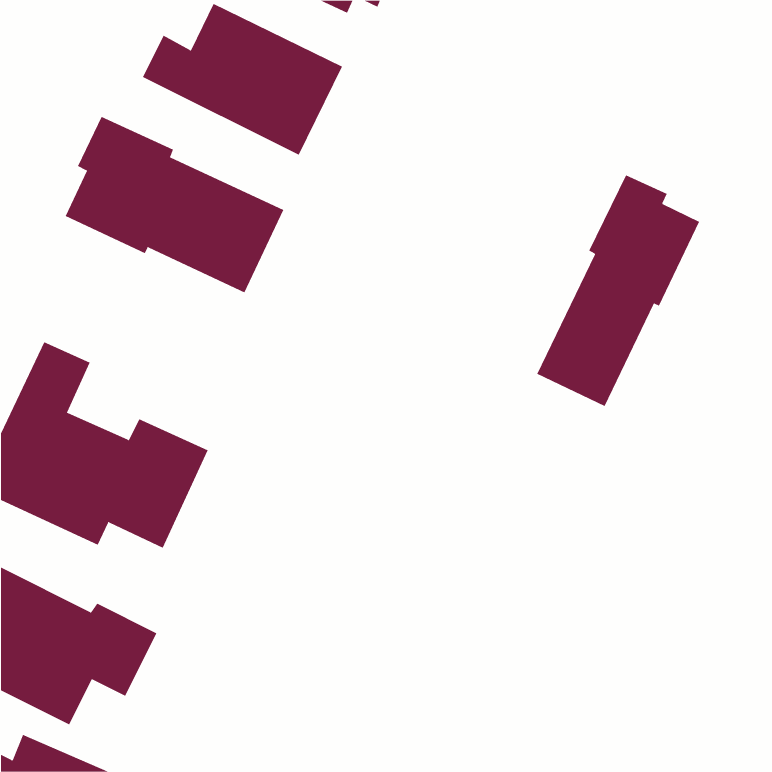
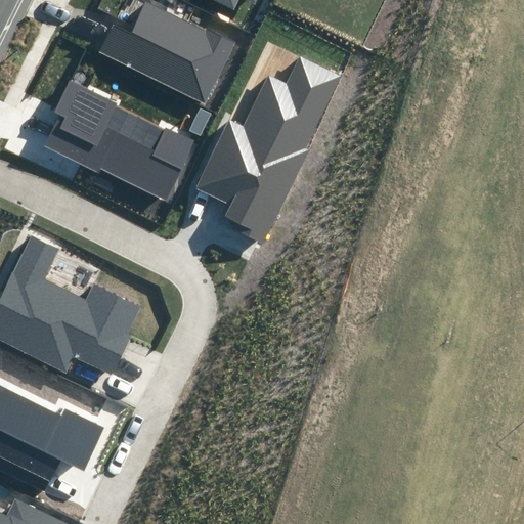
building: none -> [198,55,343,243]
building: [536,175,700,407] -> none

